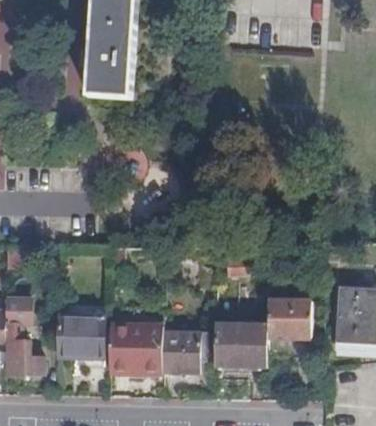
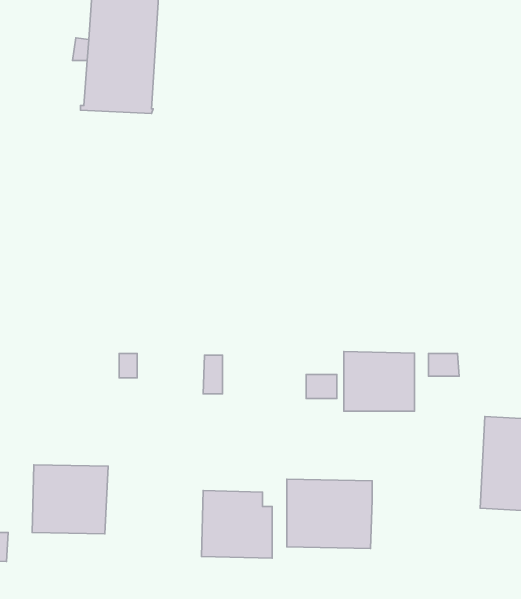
building: [268,301,312,338] -> [344,351,415,411]
building: [108,330,163,376] -> none

